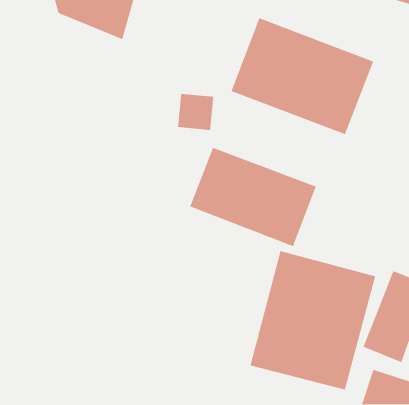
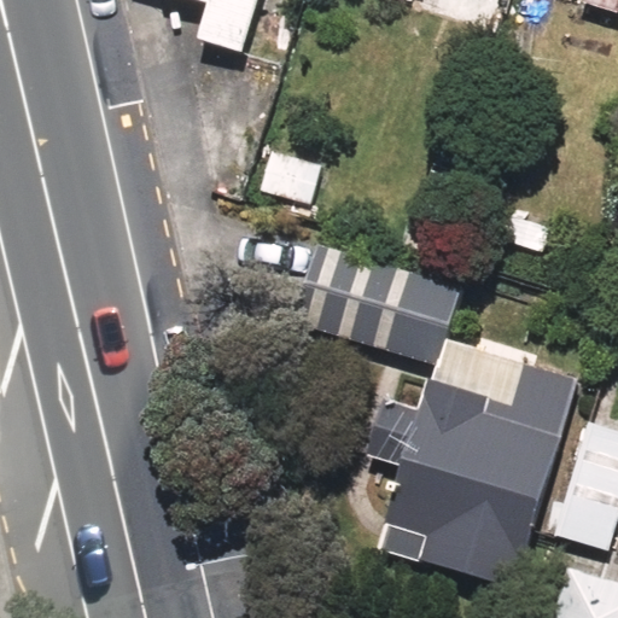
building: [231,17,374,135] -> none

